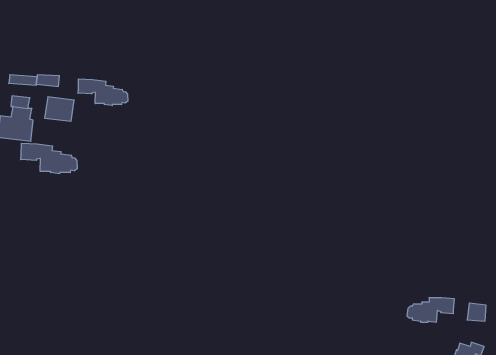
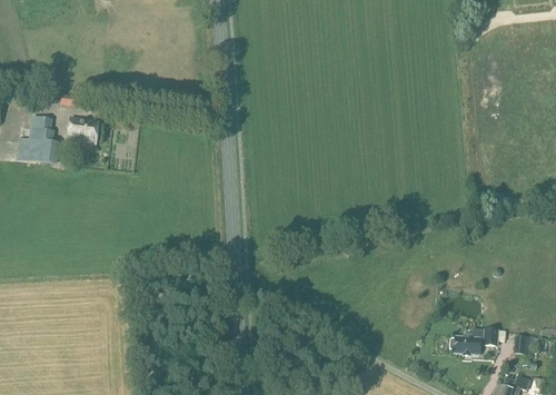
building: [78,79,128,106] -> none
building: [21,143,77,174] -> none

